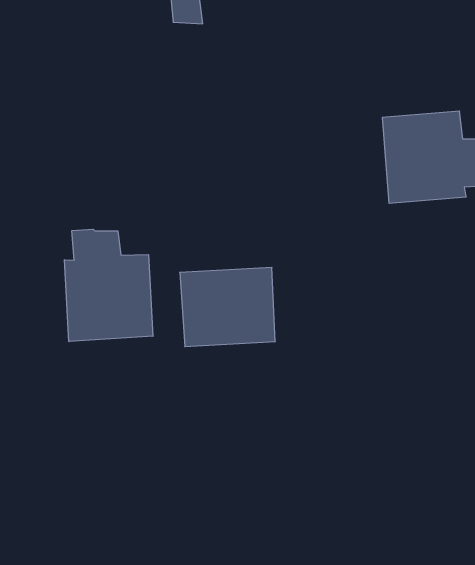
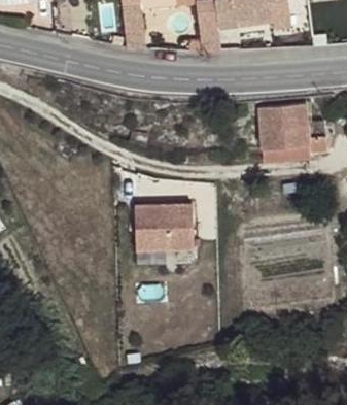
building: [64,229,153,342] -> none

